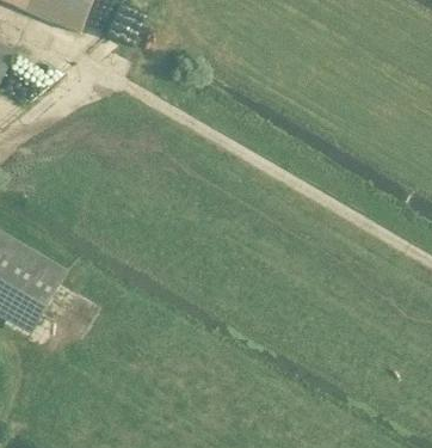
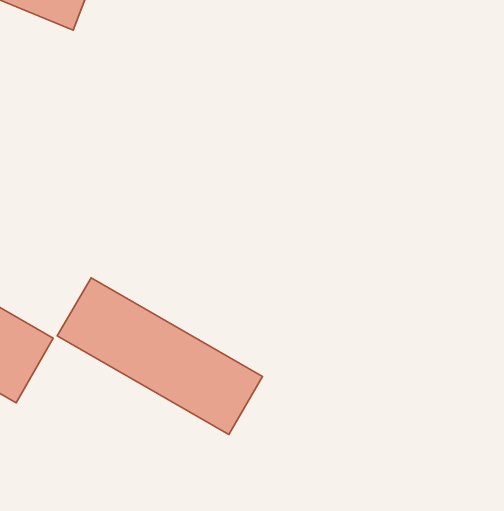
building: none -> [57,278,263,435]

